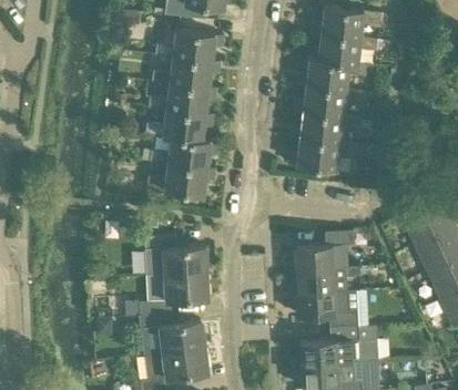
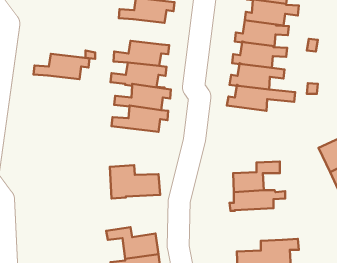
building: [153,58,222,89] -> [34,54,89,79]
building: [140,274,208,318] -> none
building: [299,290,358,330] -> none

